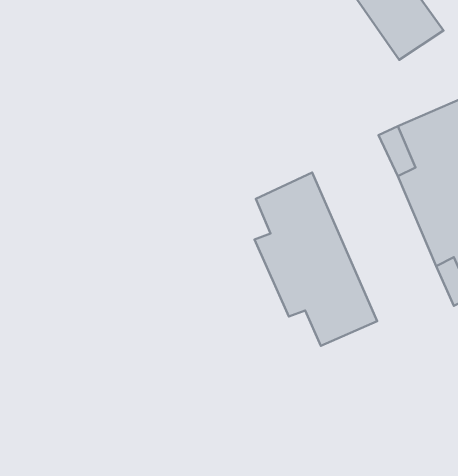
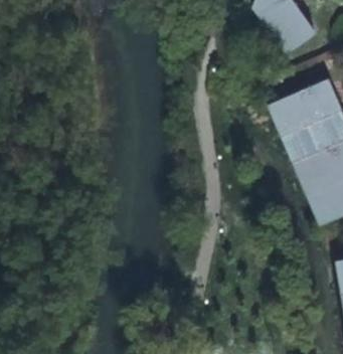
building: [255,172,377,346] -> none

